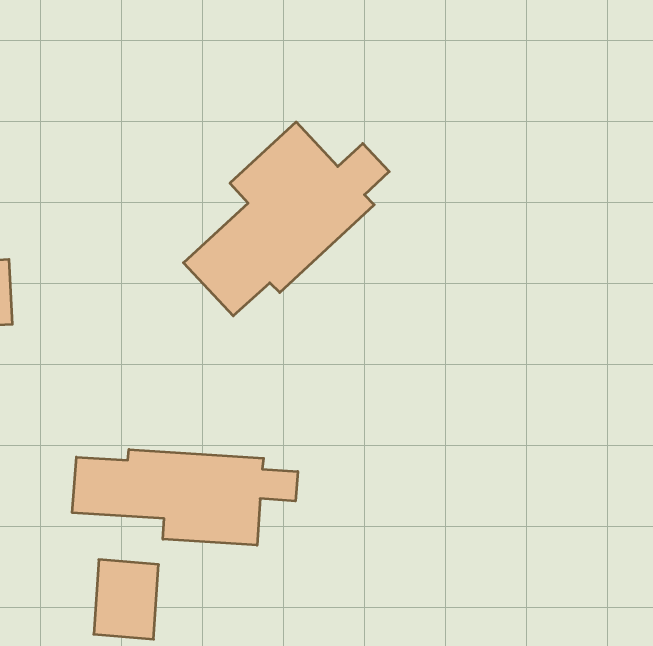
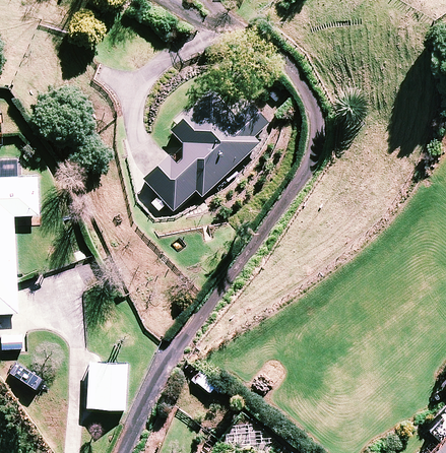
building: [72,449,298,545] -> none

